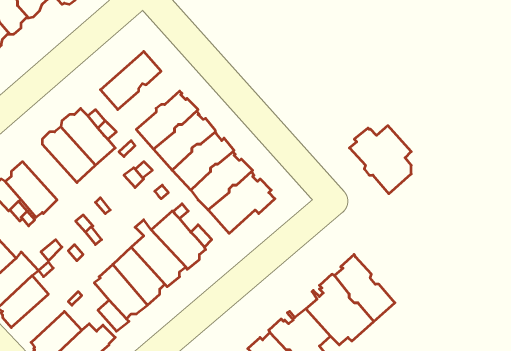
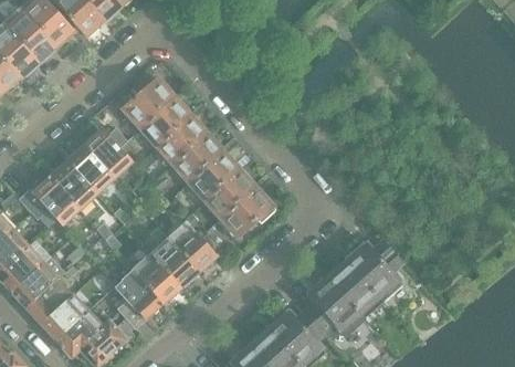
building: none -> [134,95,190,147]
building: [349,126,411,194] -> [346,241,401,302]
building: none -> [49,160,97,210]
building: none -> [39,294,86,337]

